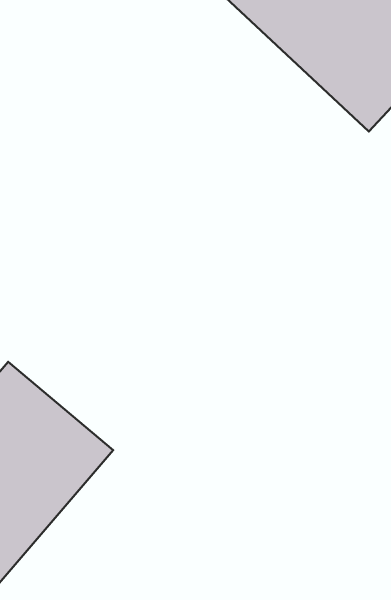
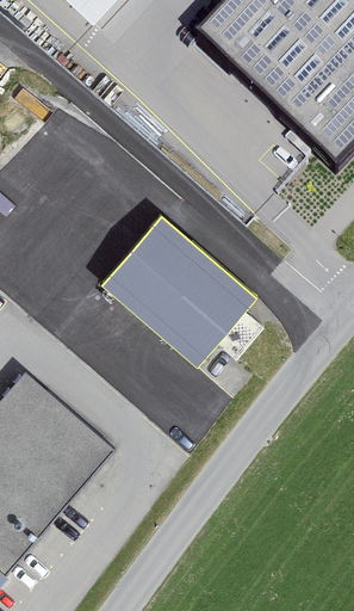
building: none -> [100,210,256,363]

